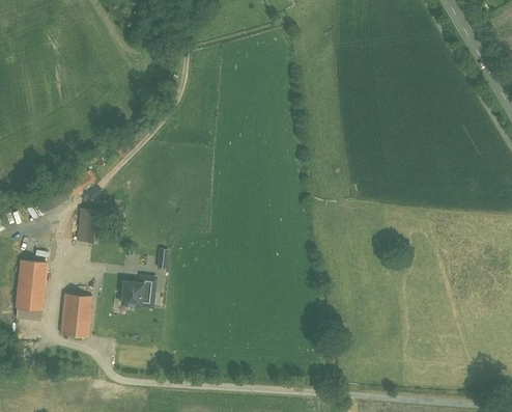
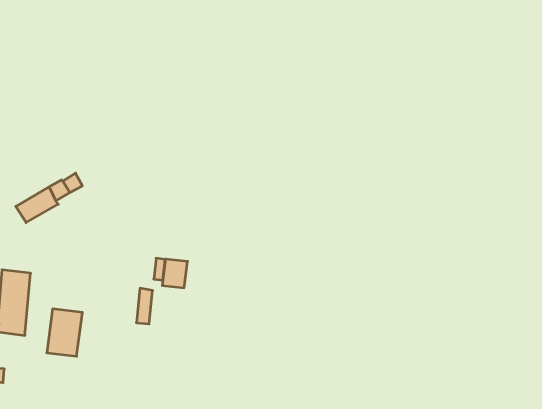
building: [77,208,104,242] -> none
building: [120,279,143,305] -> [162,259,188,288]

